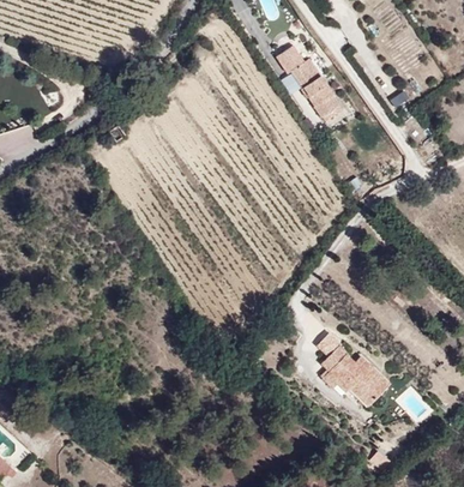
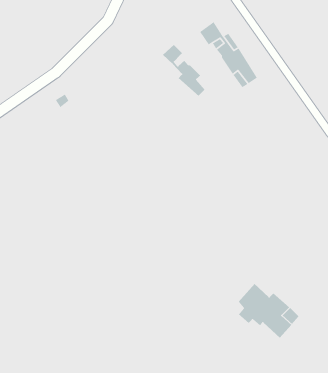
building: none -> [162,44,205,96]

